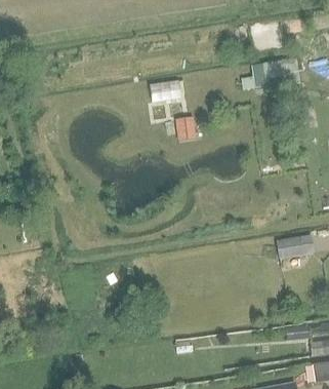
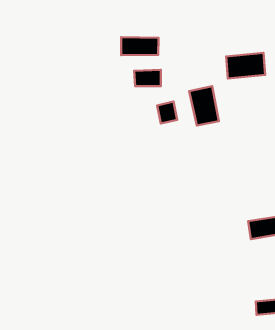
building: none -> [121,37,158,55]
building: none -> [189,86,219,126]

